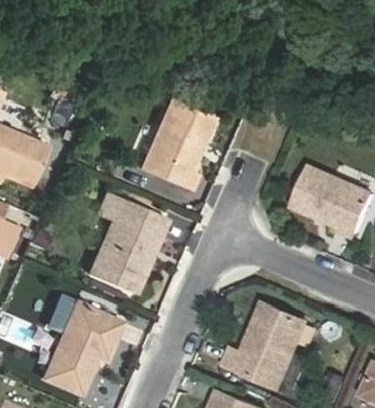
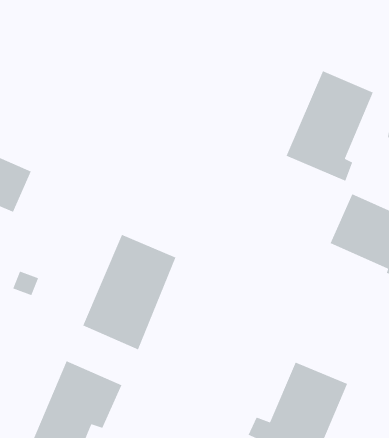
building: [141,98,214,190] -> [286,70,374,182]

